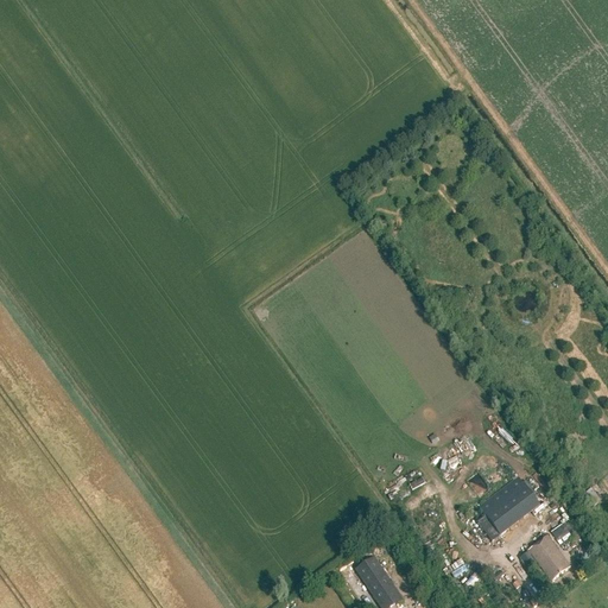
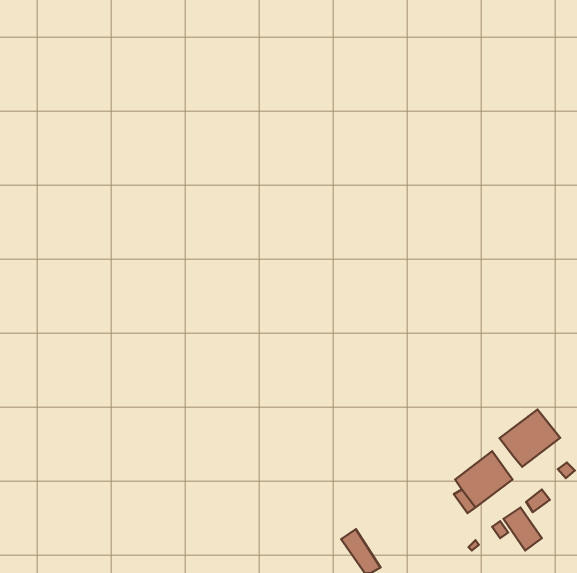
building: none -> [500,410,560,467]

